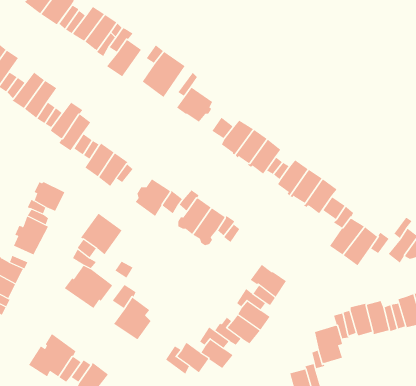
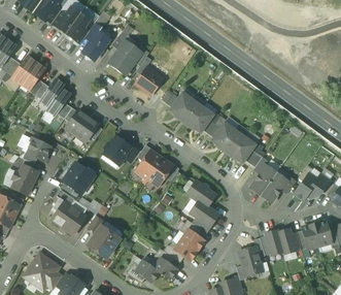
building: none -> [187,181,215,206]

